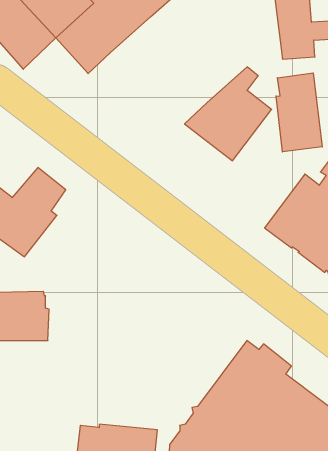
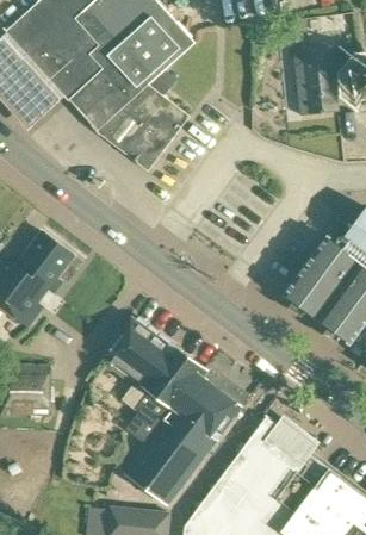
building: [185,67,272,161] -> [95,70,188,170]
building: [276,73,322,152] -> none
building: none -> [101,315,248,504]

